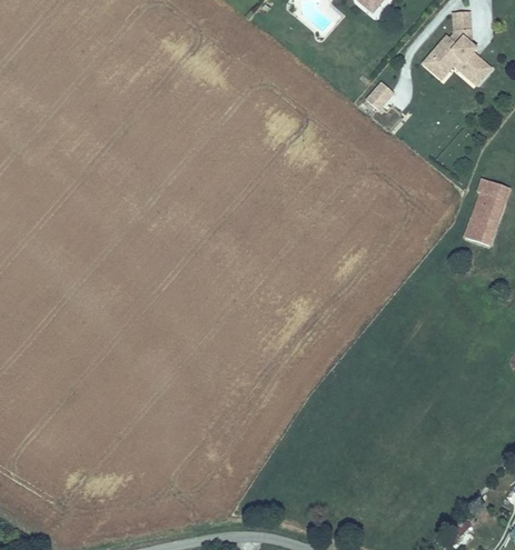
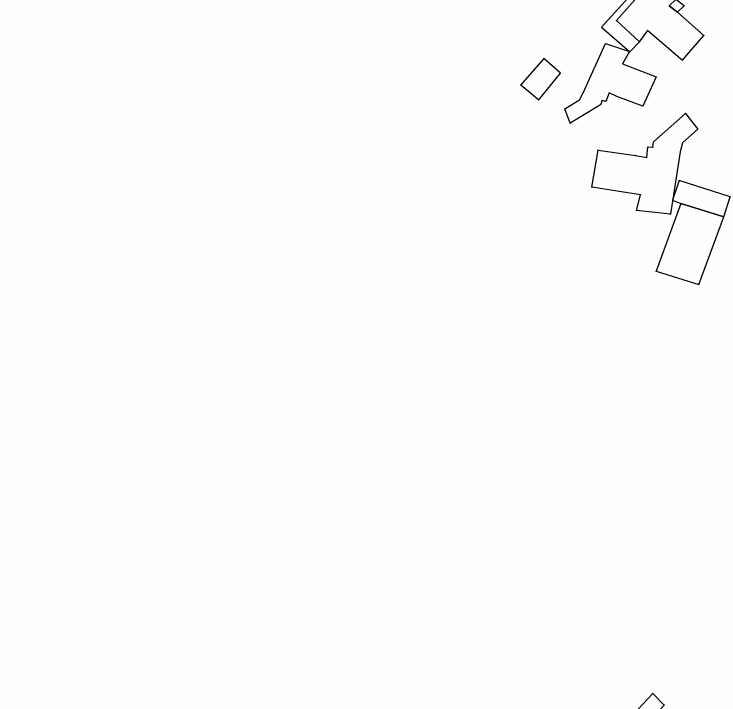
building: none -> [565,44,656,123]
building: none -> [592,113,698,214]

